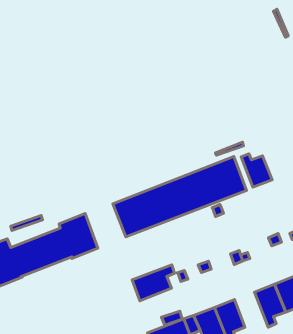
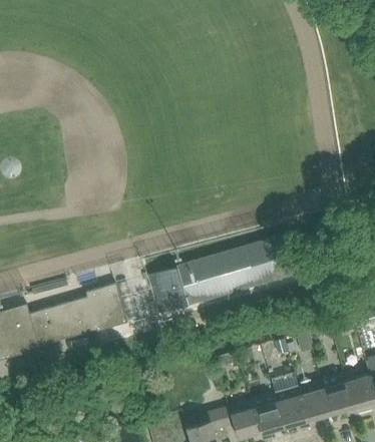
building: [241,154,272,187] -> none
building: [132,265,175,301] -> none
building: none -> [275,388,310,430]

